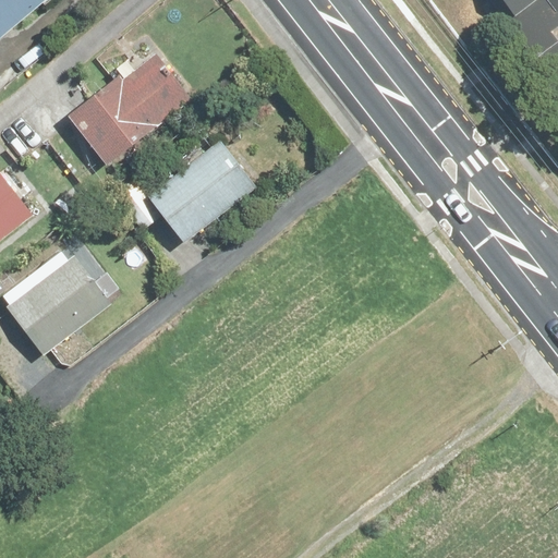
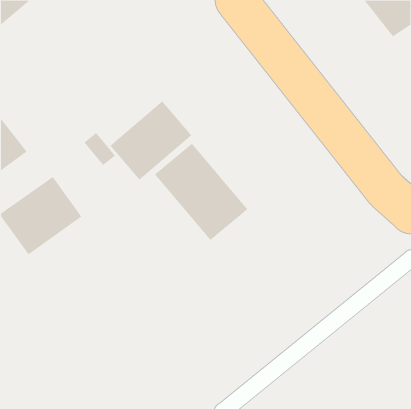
building: [65,49,189,167] -> none
building: none -> [154,143,248,241]

